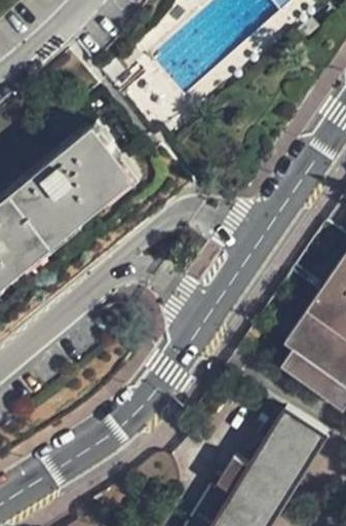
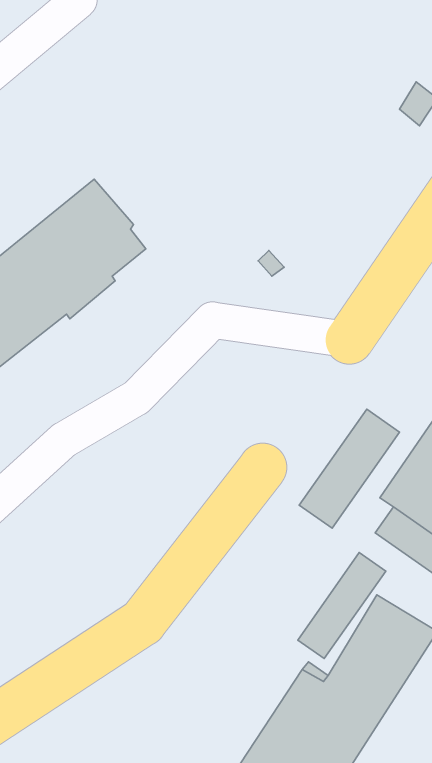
building: none -> [299,409,399,528]
building: none -> [298,553,386,659]

